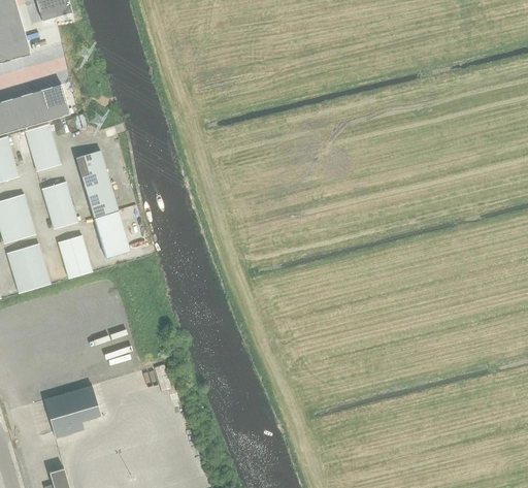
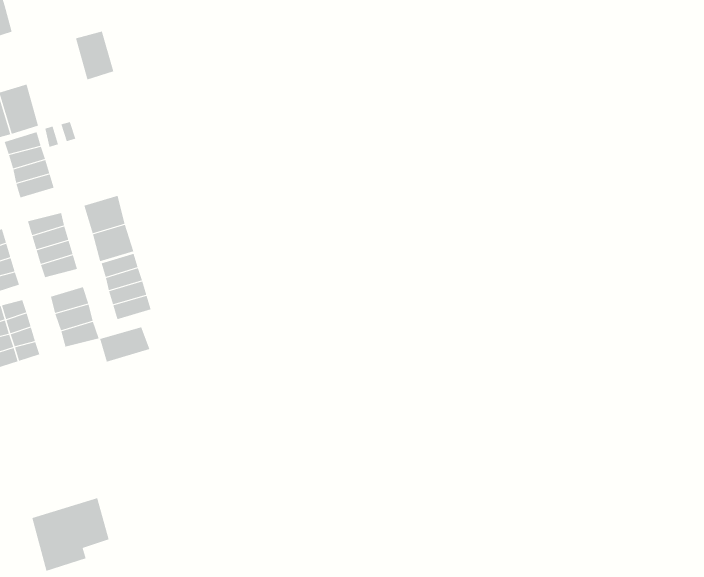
building: [41,86,69,121] -> [75,31,114,80]
building: [75,151,106,177] -> none
building: none -> [99,326,150,363]

